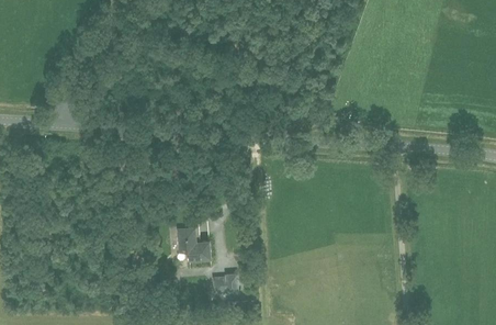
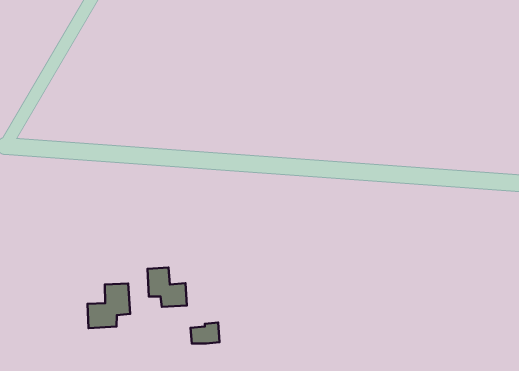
building: none -> [87,284,130,328]

